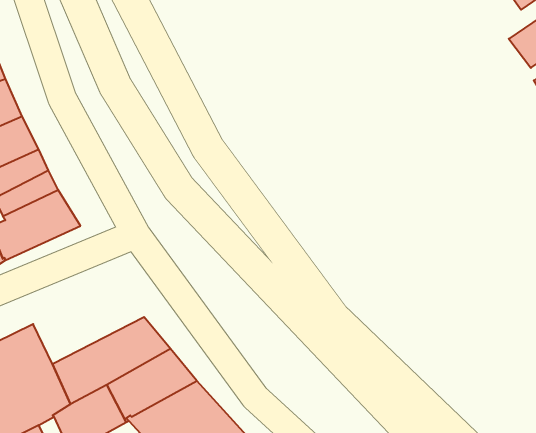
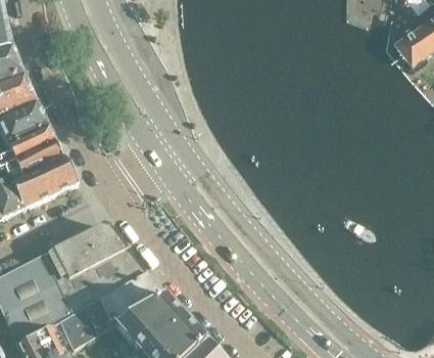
building: none -> [44,223,126,283]

